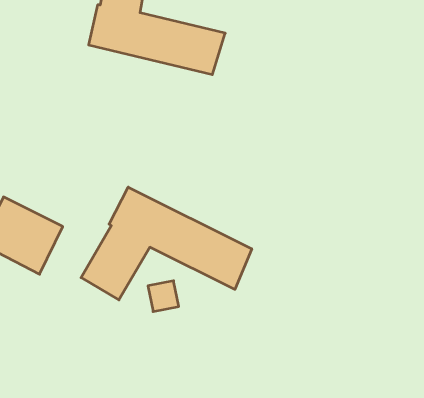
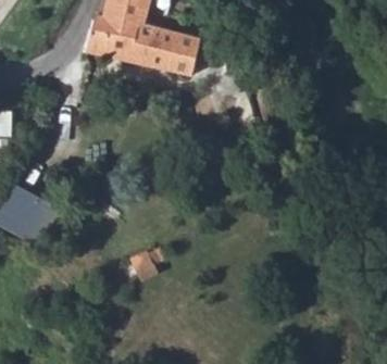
building: [81,187,252,300] -> none

